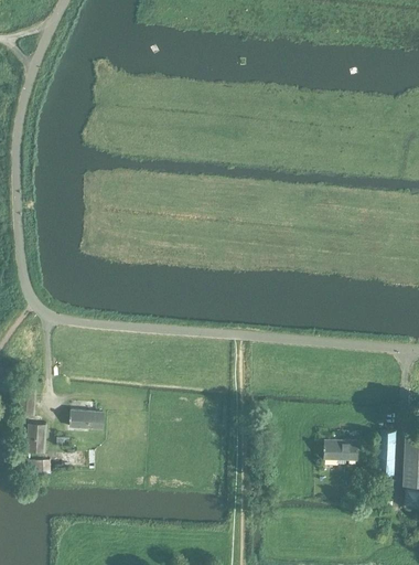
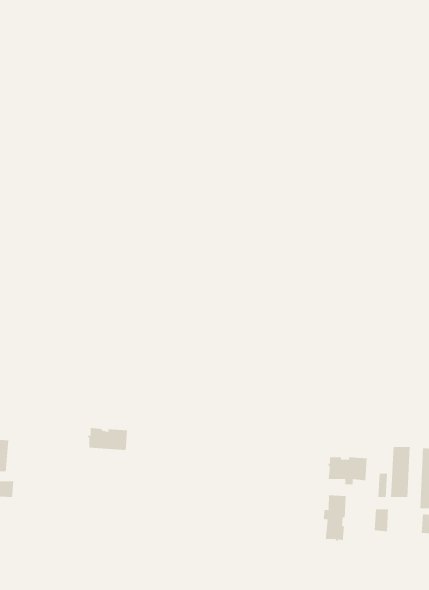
building: [68,409,104,429] -> [87,428,128,451]
building: none -> [323,494,346,542]

